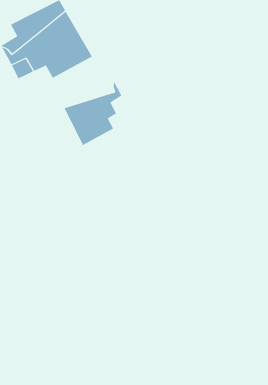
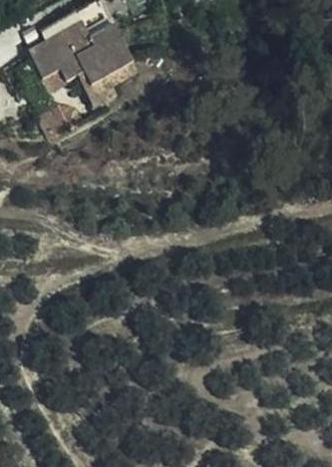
building: [64,81,122,146] -> none

